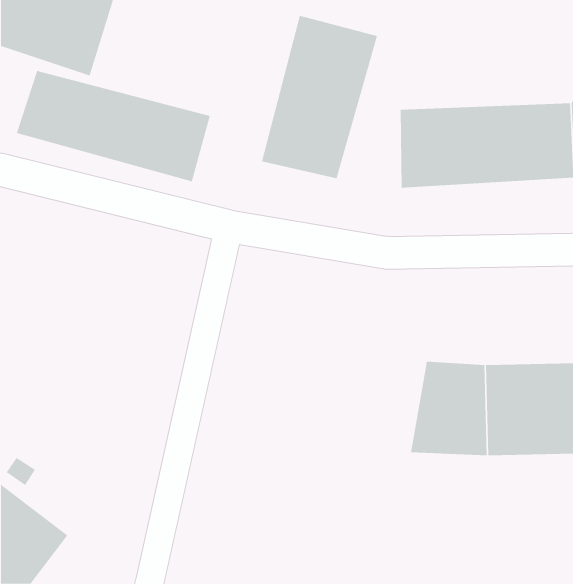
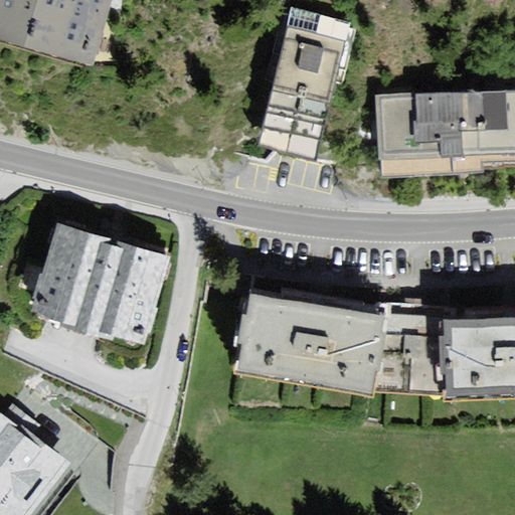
building: [16,70,210,182] -> none
building: none -> [31,219,182,348]
building: none -> [230,292,386,394]

